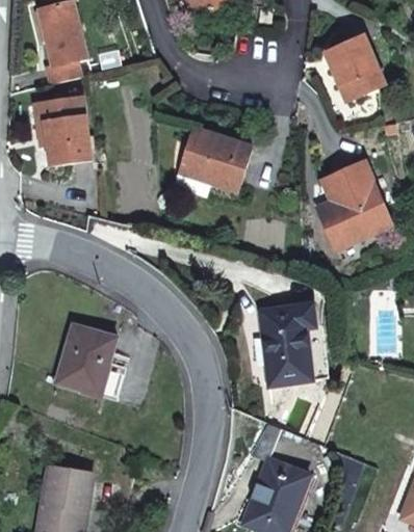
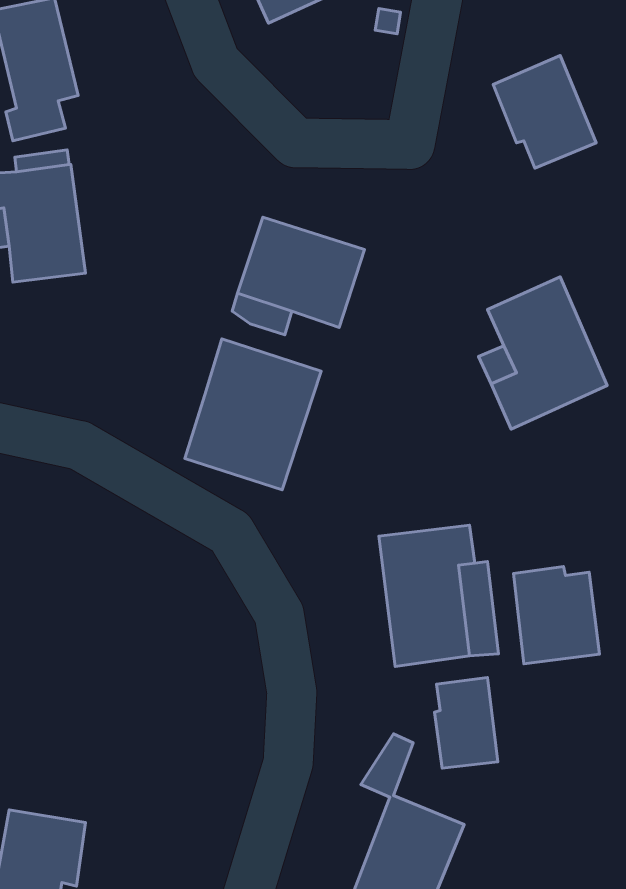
building: none -> [185,339,321,490]
building: [56,323,115,395] -> none
building: none -> [513,567,600,664]
building: none -> [435,678,498,768]

